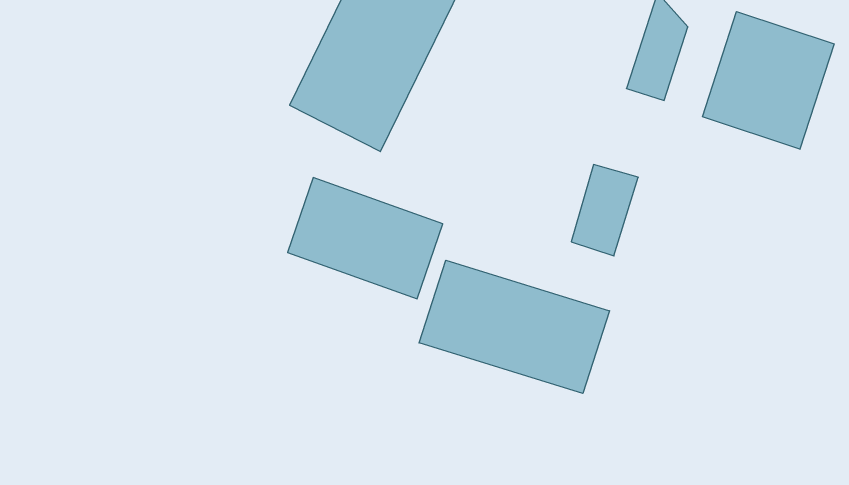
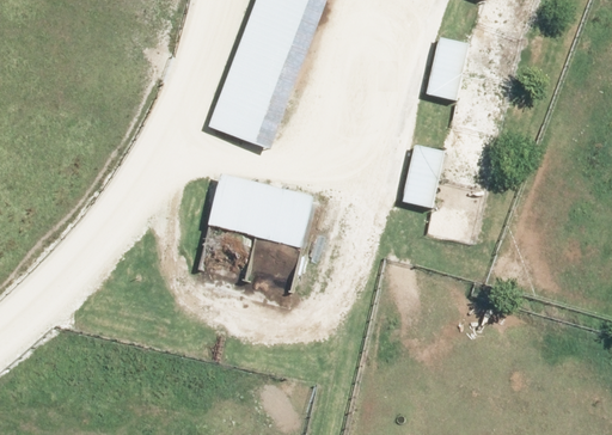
building: [703,12,834,149] -> none
building: [419,260,610,393] -> none

